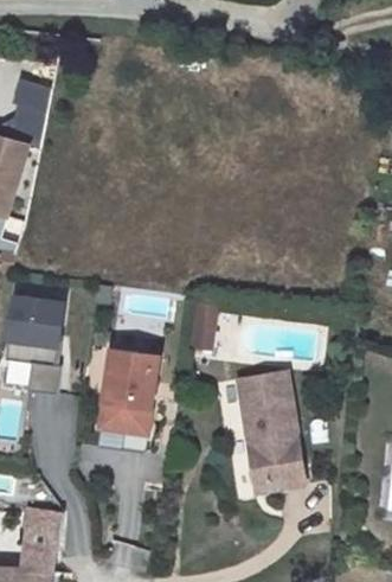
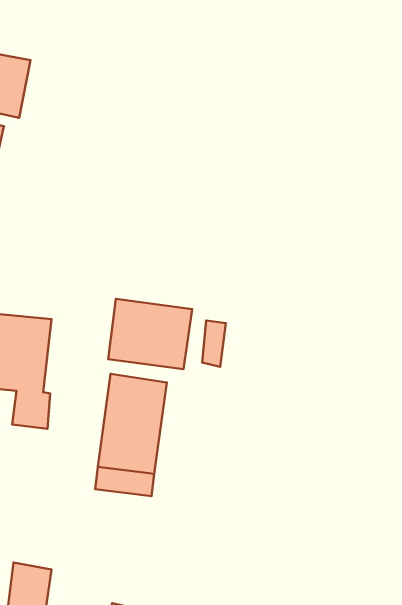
building: none -> [108,299,192,369]
building: [238,359,314,477] -> none

